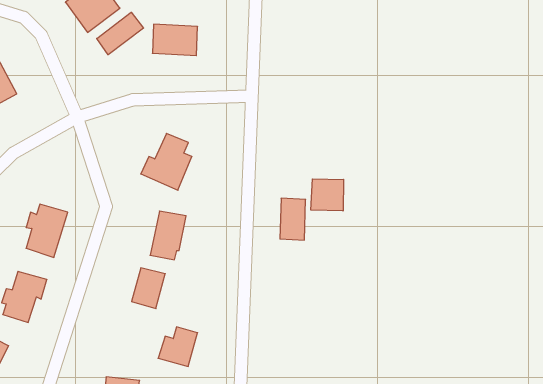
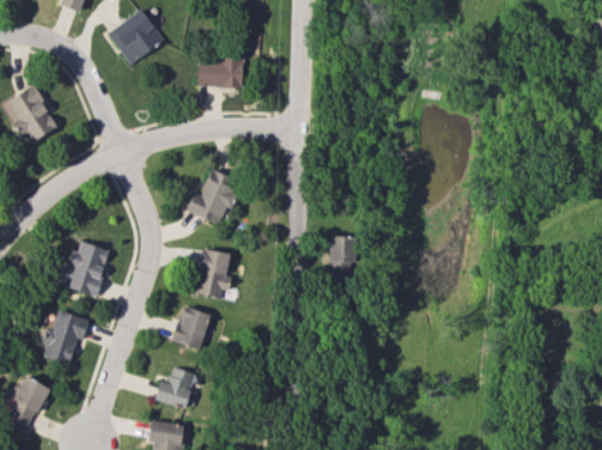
building: [97,12,144,55] -> none
building: [311,179,344,211] -> none
building: [158,327,198,366] -> [154,367,195,408]

